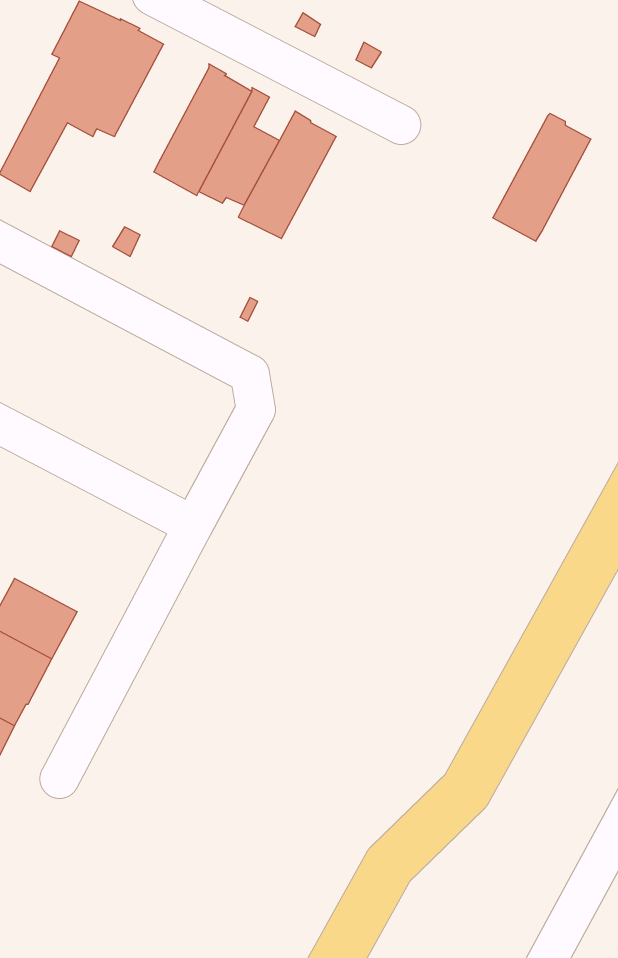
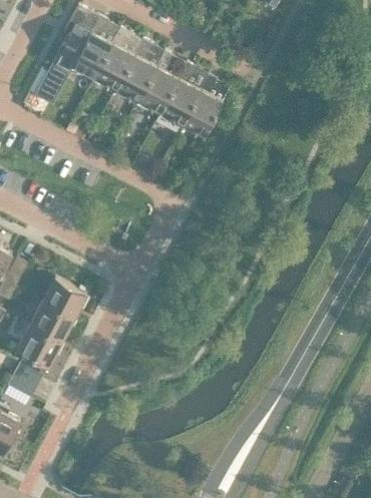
building: none -> [92,27,142,87]
building: [493,114,591,241] -> [179,74,230,139]
building: none -> [43,278,87,318]

